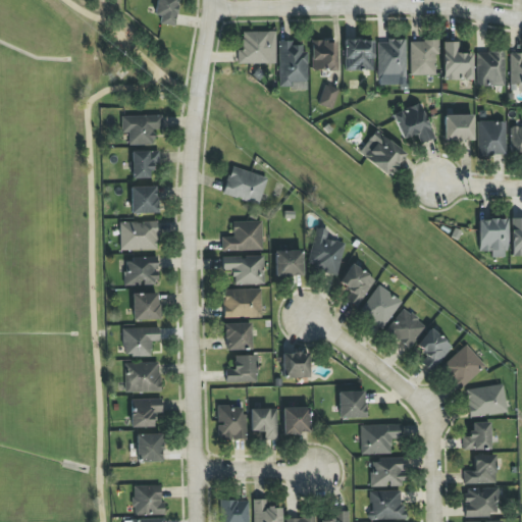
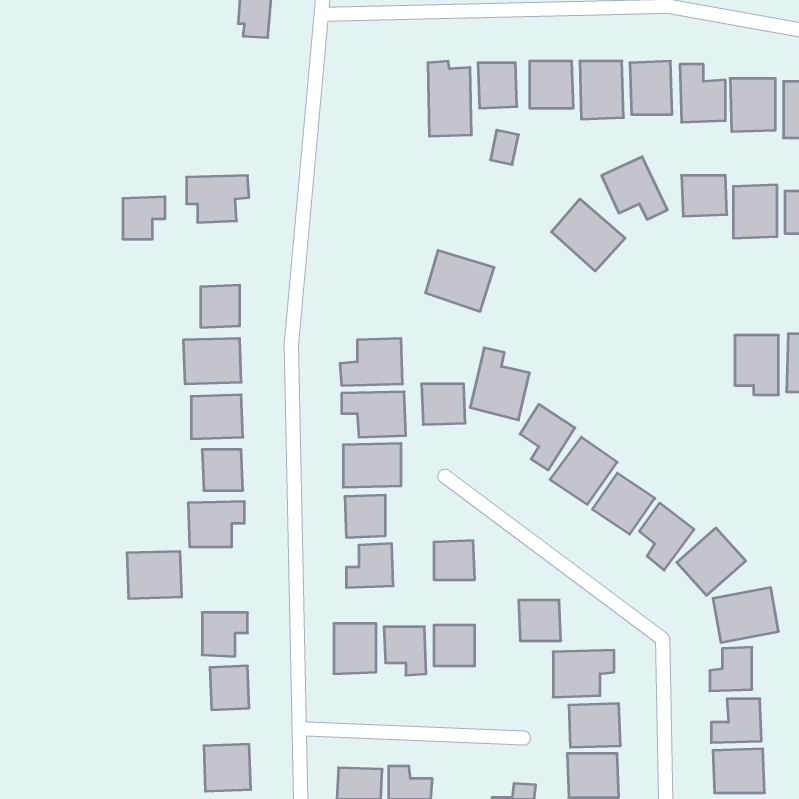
building: [239,31,276,63] -> none
building: [133,150,160,177] -> [123,197,165,239]
building: [223,165,268,205] -> [425,250,494,311]
building: [125,362,161,393] -> [127,551,182,598]

